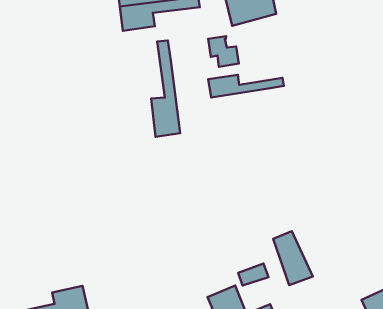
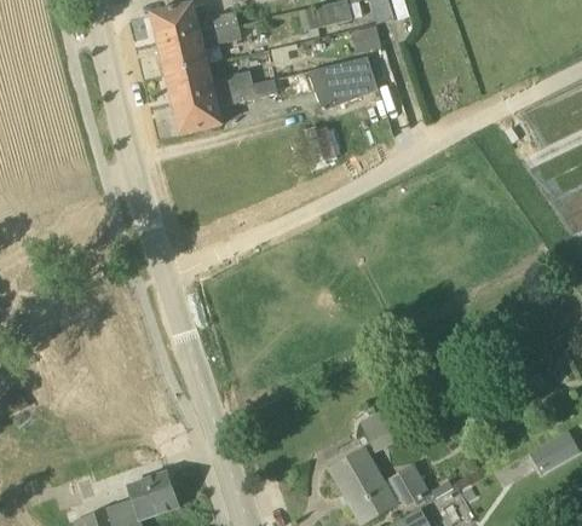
building: [151,40,180,137] -> none
building: [208,75,284,98] -> none
building: [273,231,313,285] -> none

